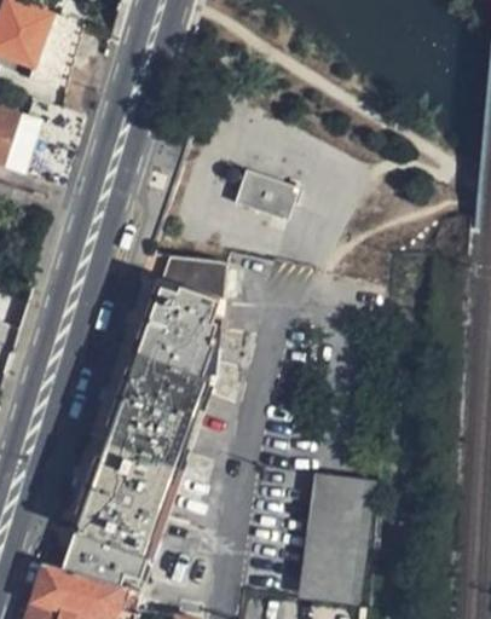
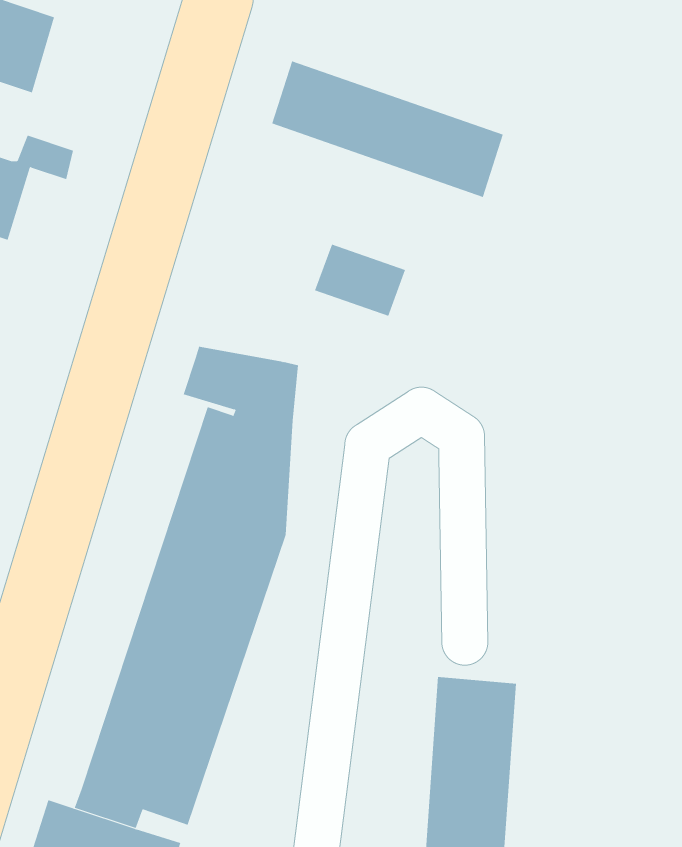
building: none -> [271,60,504,198]

